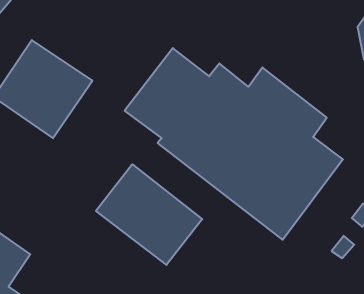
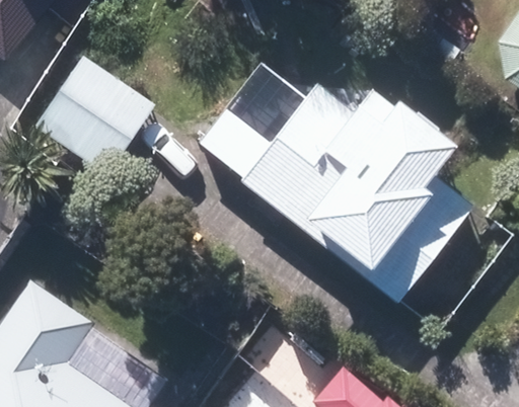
building: [96,164,202,265] -> none

